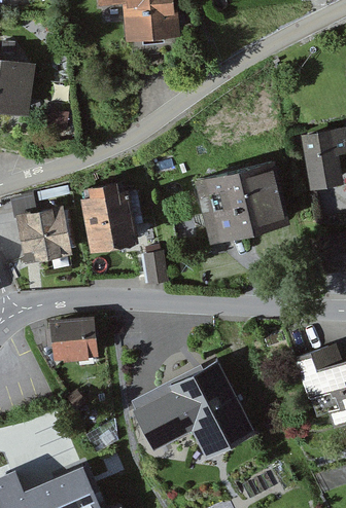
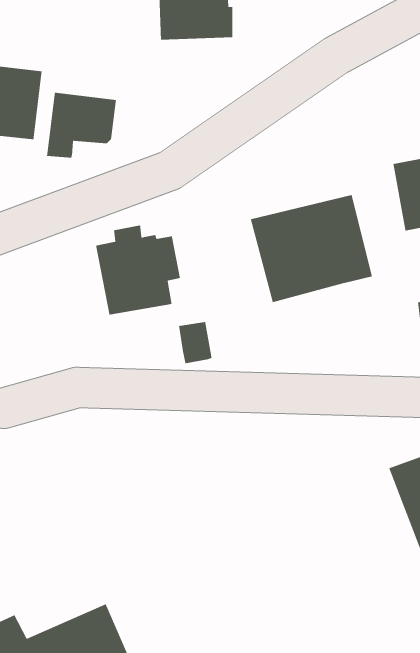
building: none -> [46,92,117,158]
building: [13,205,70,258] -> none
building: [50,318,94,356] -> none
building: [135,363,258,459] -> none

